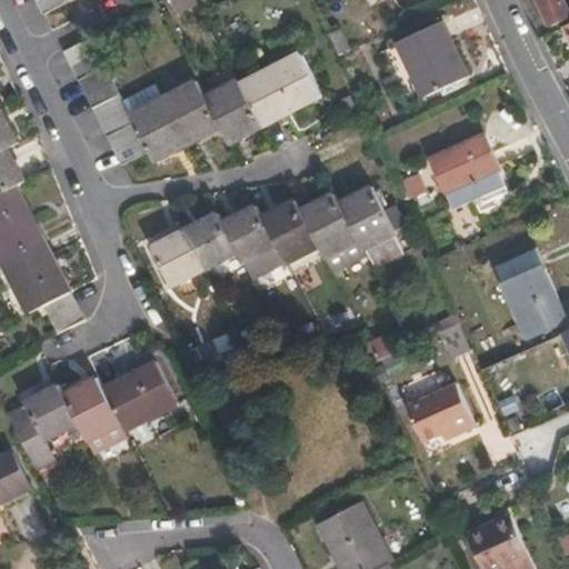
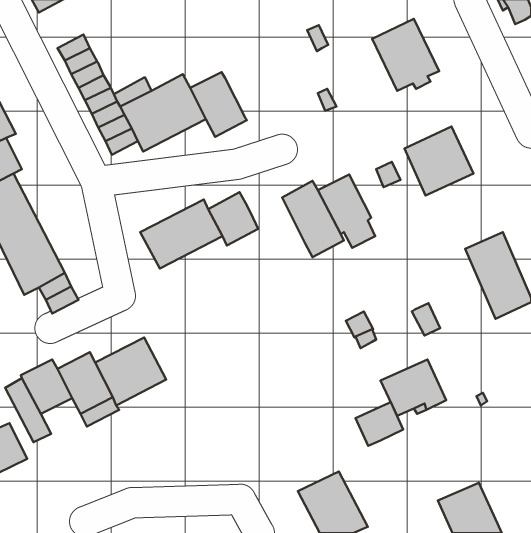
building: [239,51,320,126] -> none
building: [261,199,318,262] -> none
building: none -> [356,402,403,446]

